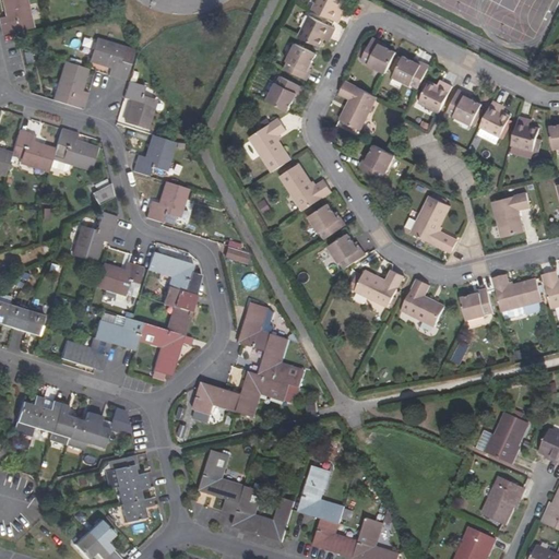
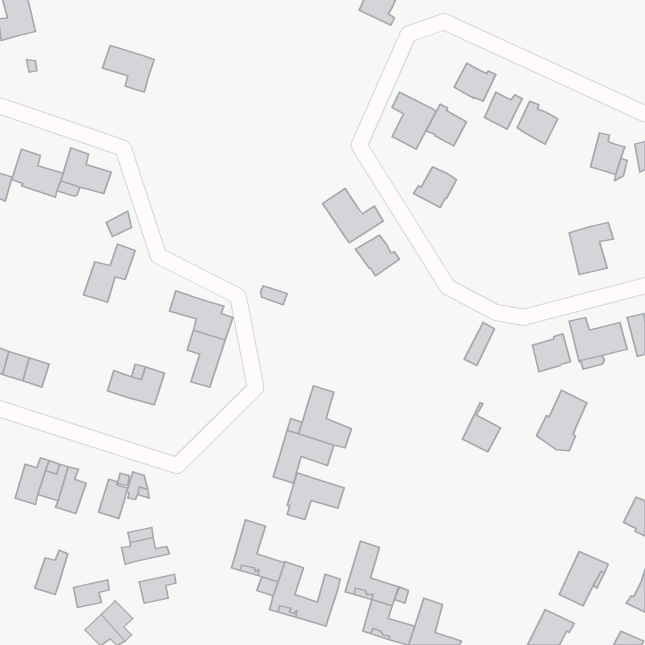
building: [297,14,334,46] -> none
building: [360,36,395,72] -> [426,104,467,146]
building: [283,43,316,80] -> none
building: [53,61,87,108] -> none
building: [265,75,302,110] -> none
building: [122,81,154,129] -> none
building: [475,98,510,142] -> none
building: [248,117,290,171] -> none
building: [132,134,174,176] -> none
building: [145,181,186,222] -> none
building: [409,194,450,248] -> none
building: [328,233,365,267] -> none
building: [95,262,143,297] -> none
building: [348,269,403,306] -> none
building: [412,284,444,326] -> [463,402,501,452]
building: [238,301,273,350] -> none
building: [136,322,190,374] -> none
building: [60,337,109,370] -> none
building: [192,381,241,421] -> [287,473,344,519]
building: [66,411,94,449] -> [35,550,68,594]
building: [484,412,527,464] -> [536,390,587,451]
building: [117,478,147,502] -> [74,580,109,608]

